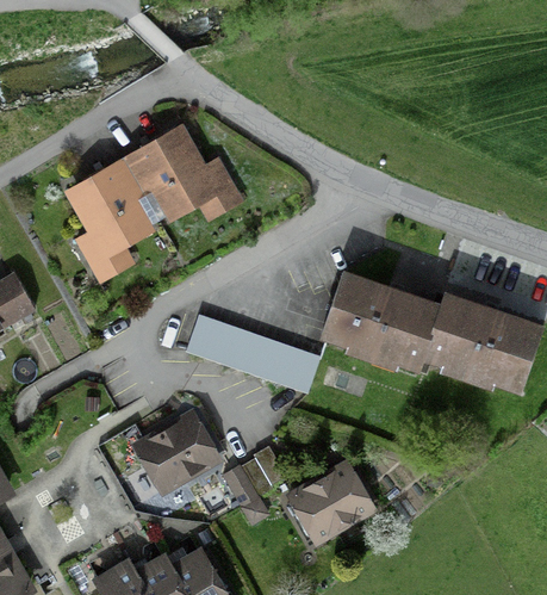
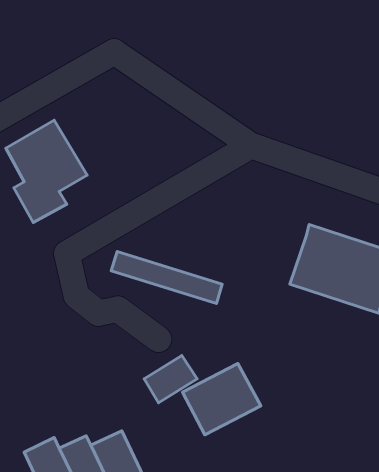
building: [120,126,249,228] -> none
building: [316,272,431,370] -> none
building: [128,407,220,494] -> none

